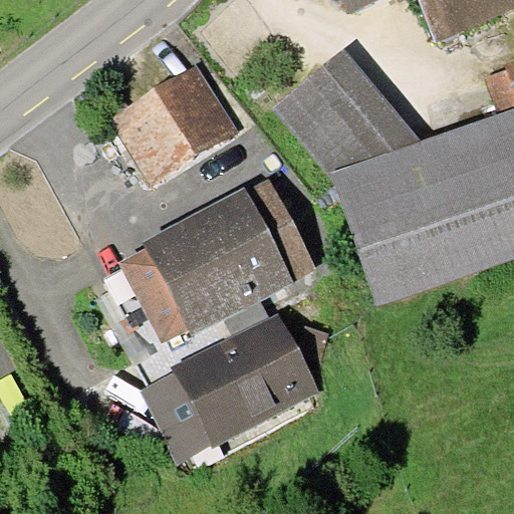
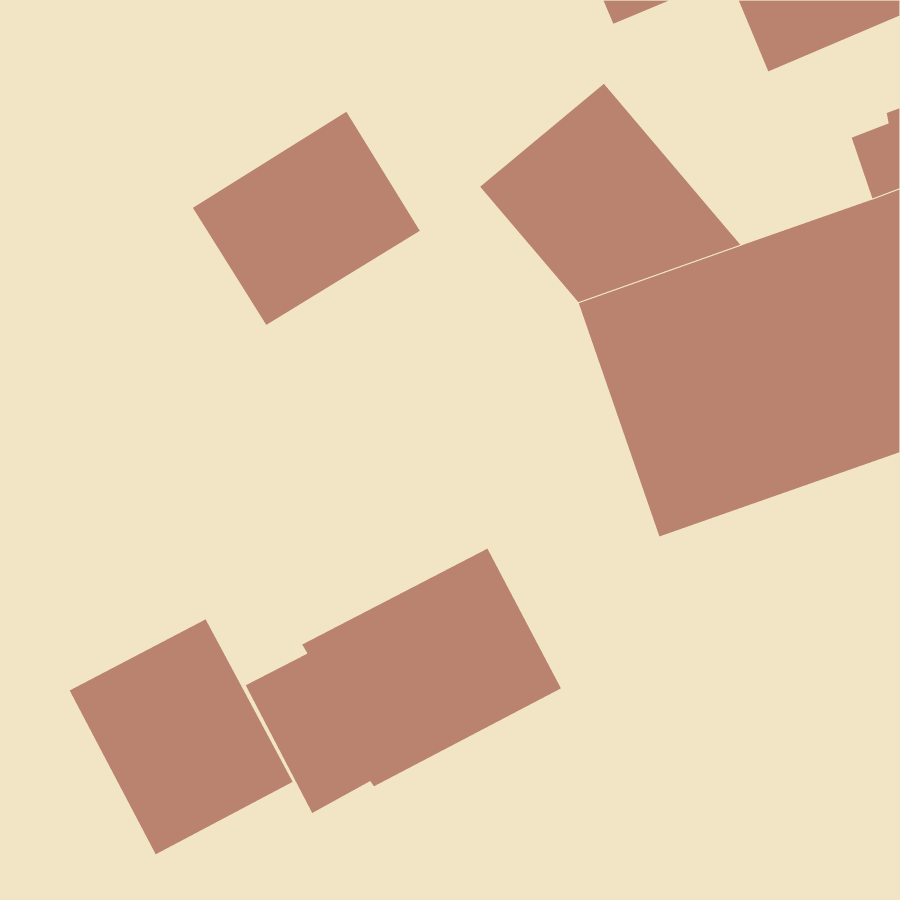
building: [118,179,317,344] -> none
building: none -> [69,619,293,855]

